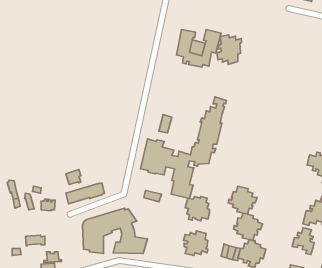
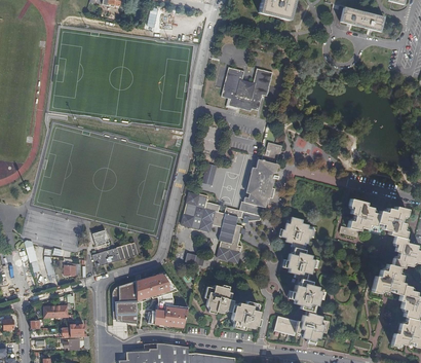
building: [217,35,241,65] -> none
building: none -> [346,197,377,229]
building: none -> [280,216,313,249]
building: [185,196,210,221] -> [203,284,232,313]
building: [292,228,314,255] -> none

